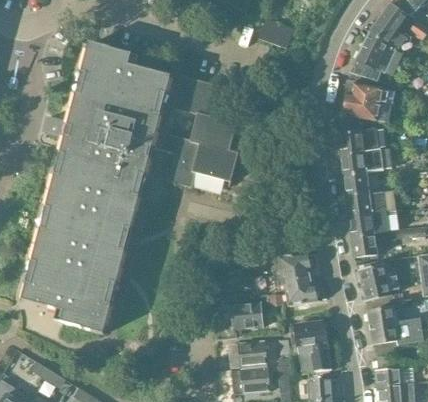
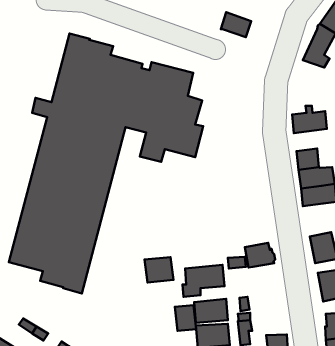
building: [341,83,381,121] -> none
building: [340,149,382,174] -> none
building: [350,233,376,257] -> none
building: [281,253,313,282] -> none
building: none -> [144,257,174,282]
building: [295,320,332,371] -> none
building: none -> [175,305,196,331]

